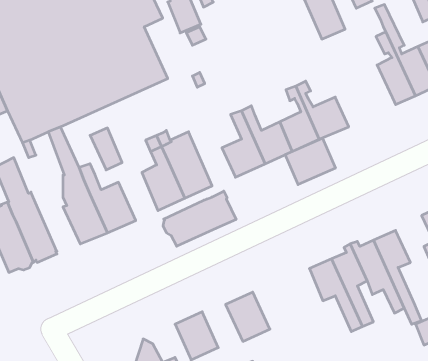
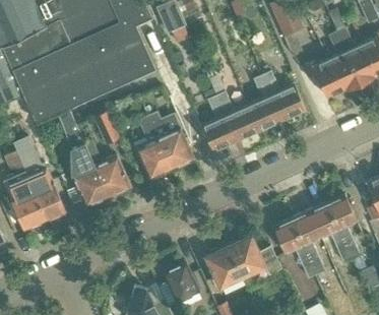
building: none -> [303,59,343,98]
building: [285,138,335,185] -> none
building: [163,191,236,246] -> none
building: none -> [227,235,281,276]

